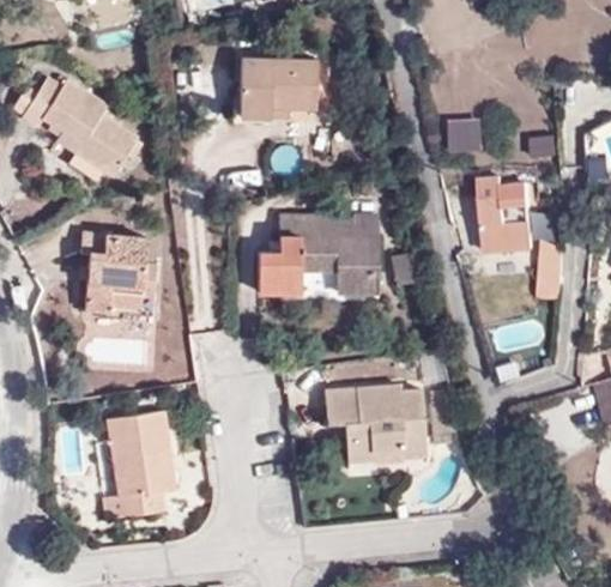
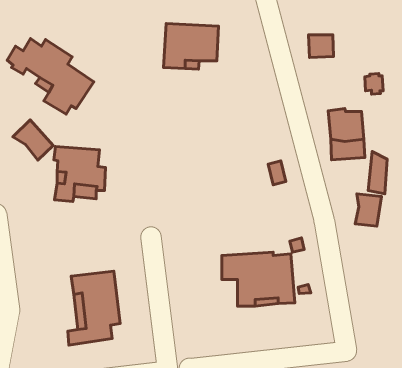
building: [448,116,484,149] -> [309,35,334,57]
building: none -> [13,120,53,160]
building: [256,217,377,296] -> none
building: none -> [355,194,381,226]

